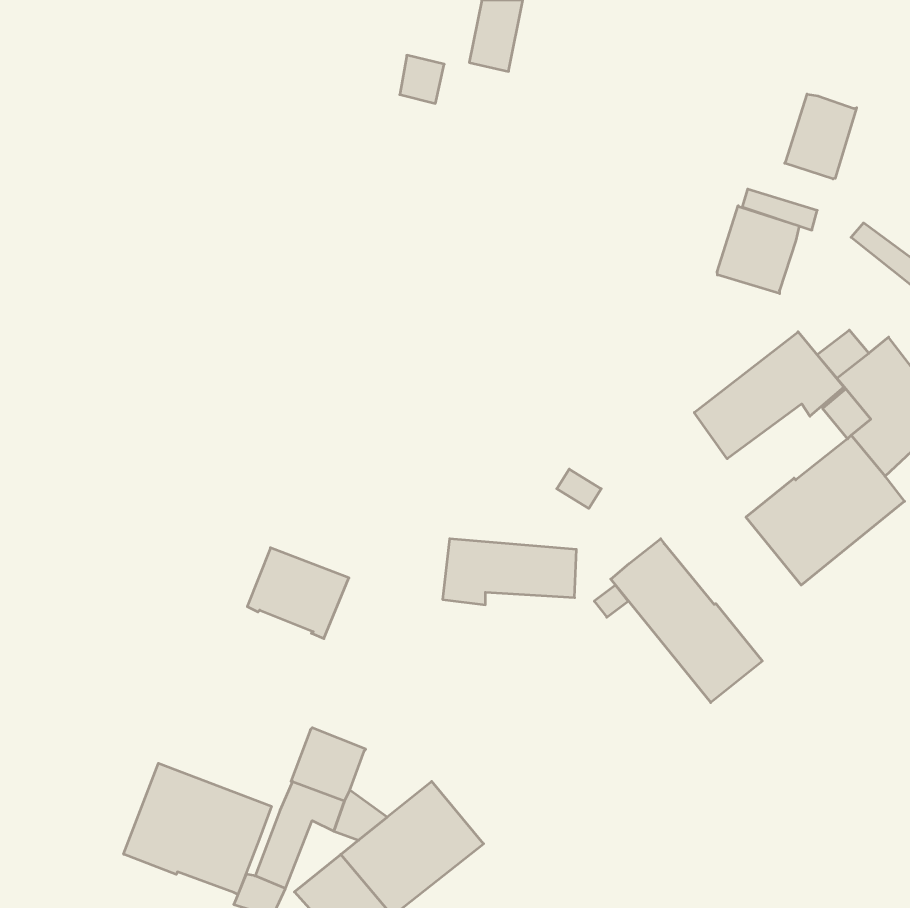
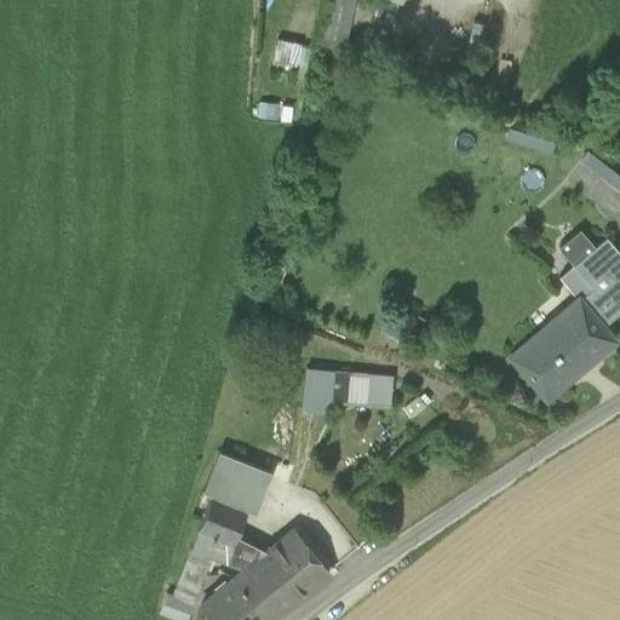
building: [785,94,857,179] -> none
building: [717,206,799,294] -> none
building: [694,332,844,459] -> none
building: [611,539,762,703] -> none
building: [247,548,349,639] -> [205,454,274,516]
building: [124,763,271,895] -> none

